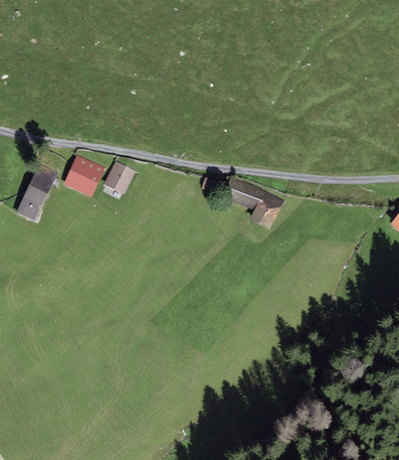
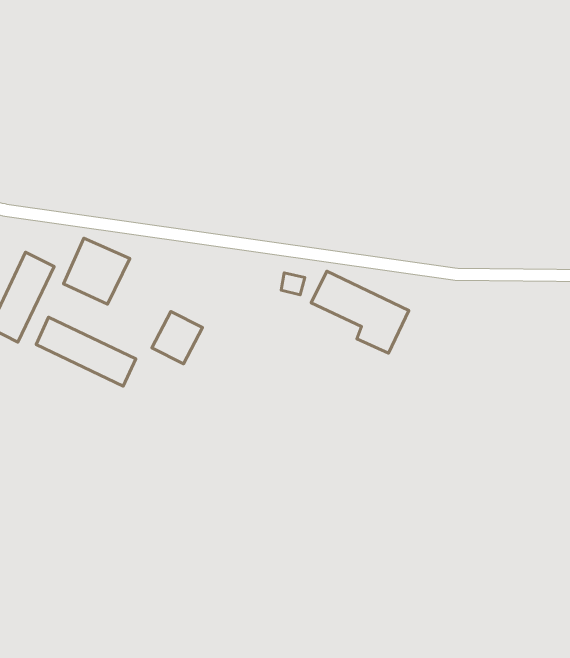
building: [104,161,136,194] -> [152,312,202,364]
building: none -> [36,317,136,386]

